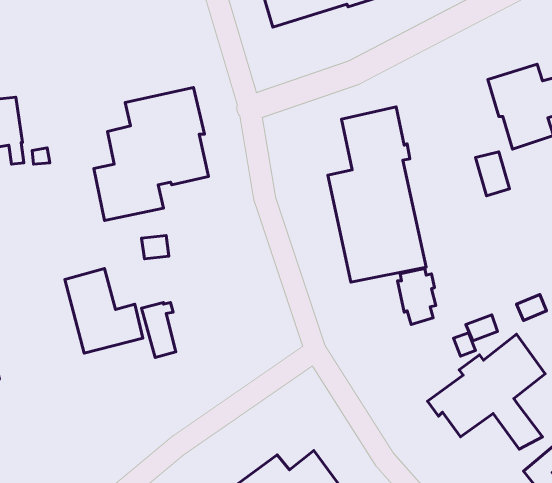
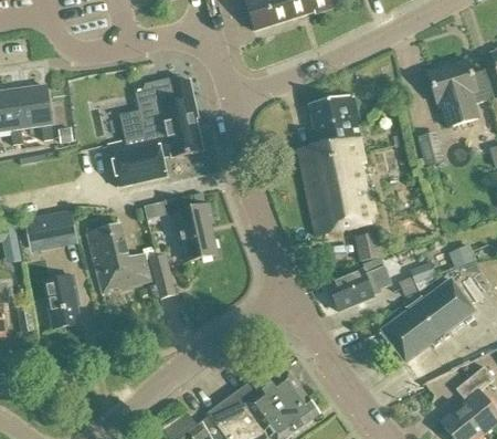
building: none -> [175,205,216,261]
building: none -> [42,208,75,245]
building: none -> [327,265,392,311]
building: none -> [43,276,80,328]

